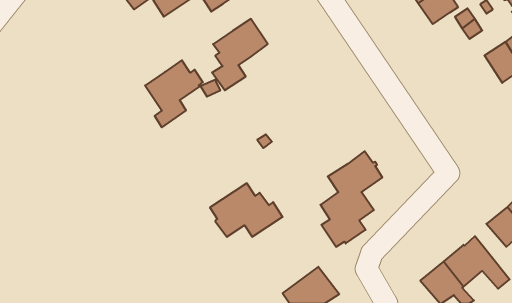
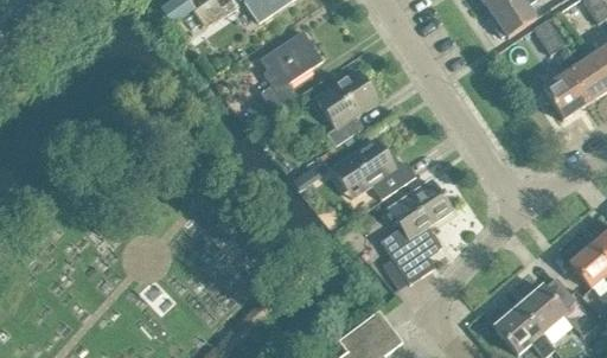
building: none -> [539,71,586,119]
building: [145,60,203,127] -> [315,69,381,145]
building: [210,183,283,237] -> [333,138,415,198]

